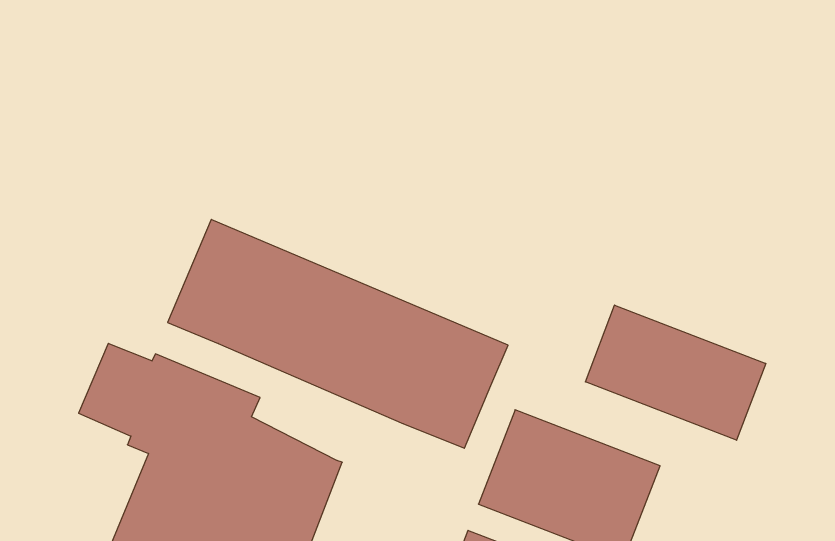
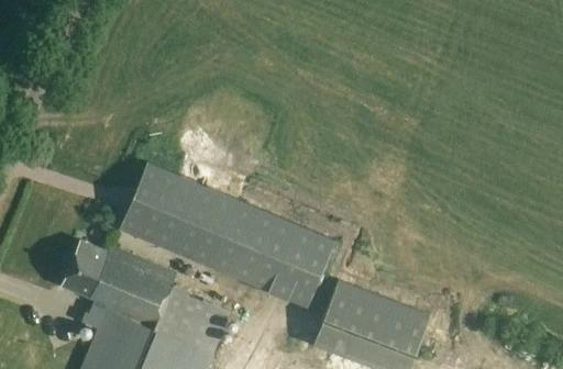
building: [585,305,766,440] -> none

